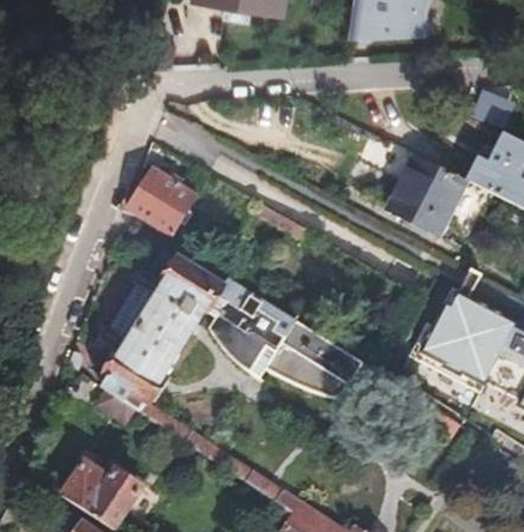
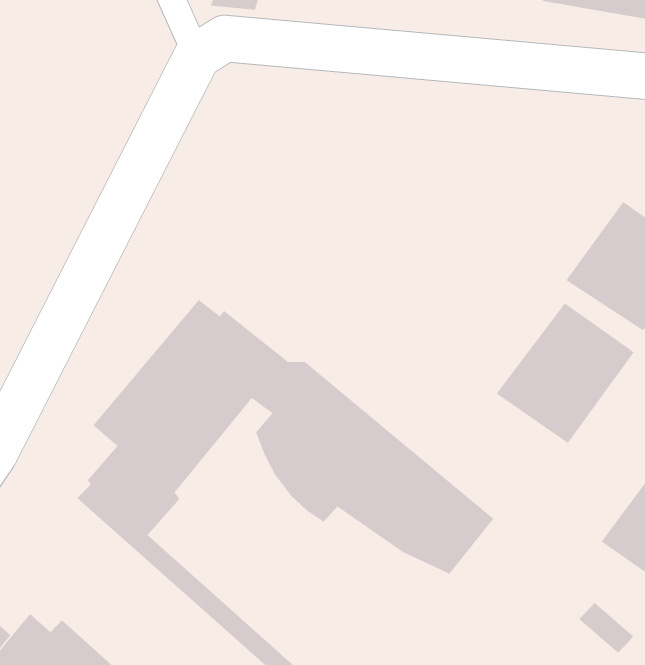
building: [130,167,199,235] -> none
building: none -> [496,302,634,444]

